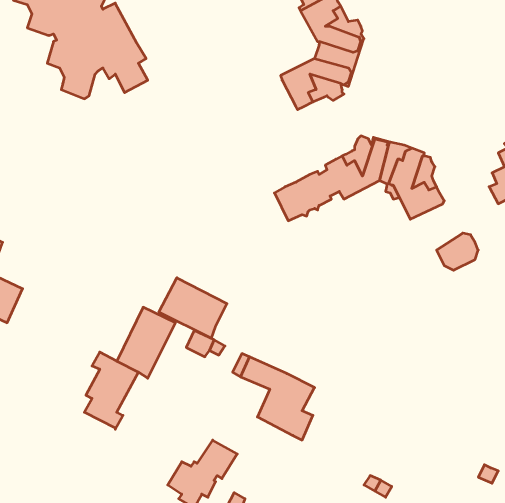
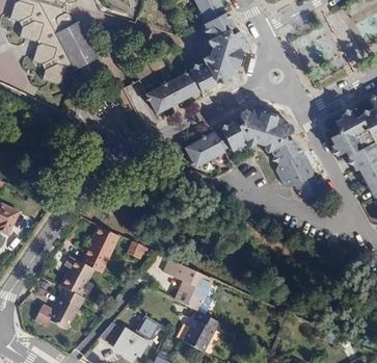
building: none -> [147,70,200,112]
building: none -> [275,155,315,188]
building: [159,278,227,338] -> none
building: none -> [48,294,79,329]
building: none -> [183,311,220,352]

